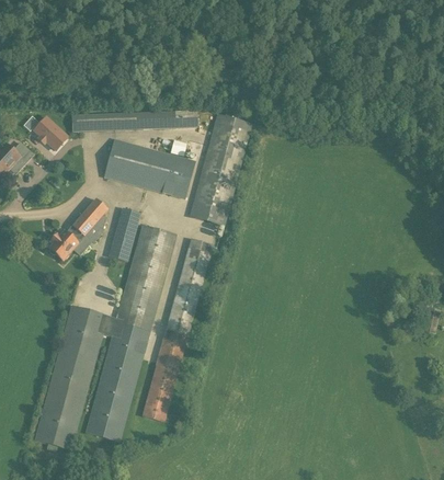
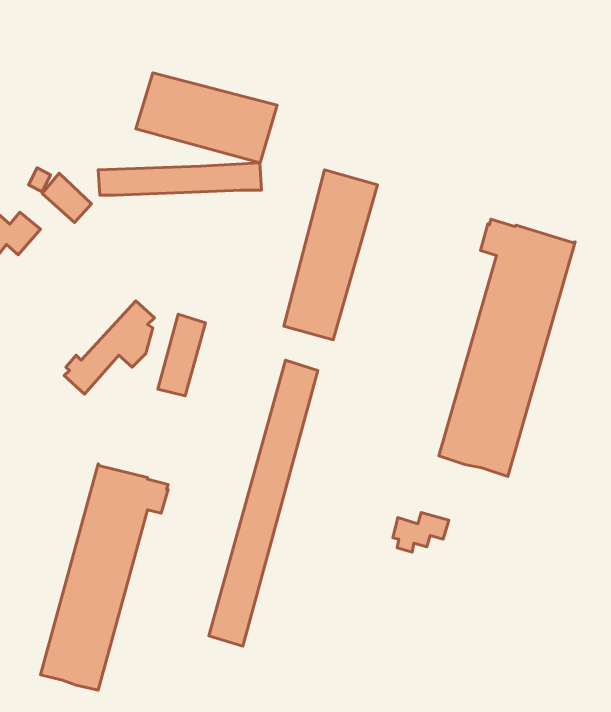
building: [104,139,195,197] -> [136,73,277,163]
building: none -> [439,219,575,476]
building: [86,225,177,441] -> none
building: none -> [393,512,449,552]

